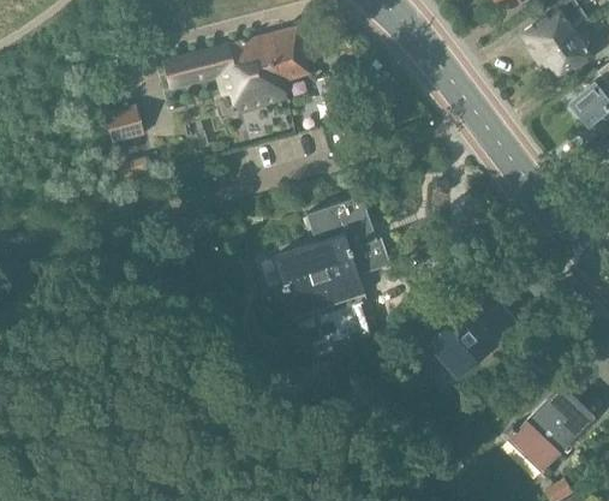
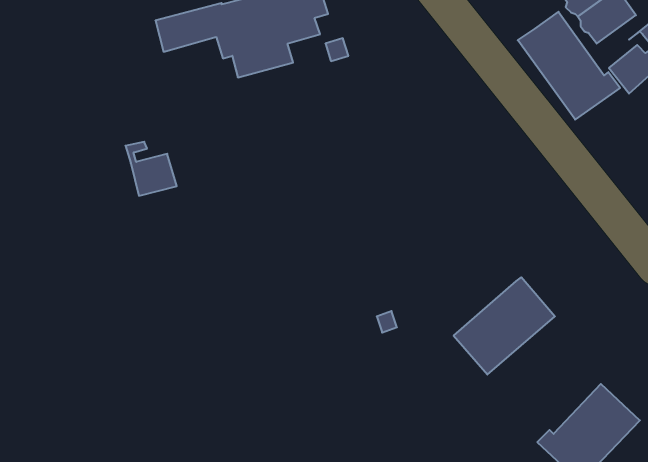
building: none -> [518,12,620,120]
building: [98,95,144,143] -> [125,142,177,196]
building: [274,196,389,321] -> none

